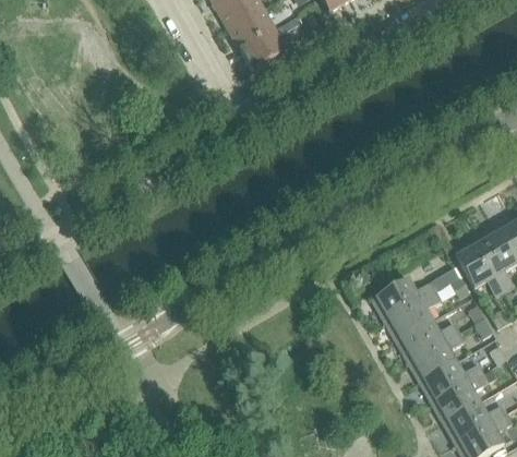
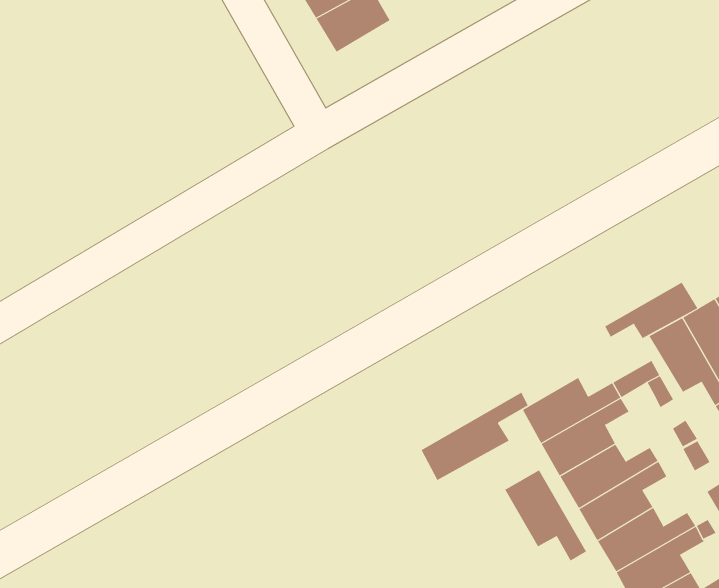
building: none -> [605,282,698,339]
building: none -> [421,392,529,481]
building: none -> [504,469,587,561]

